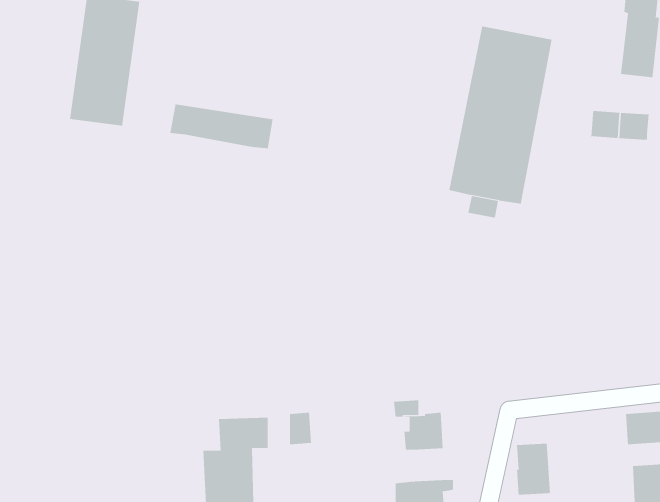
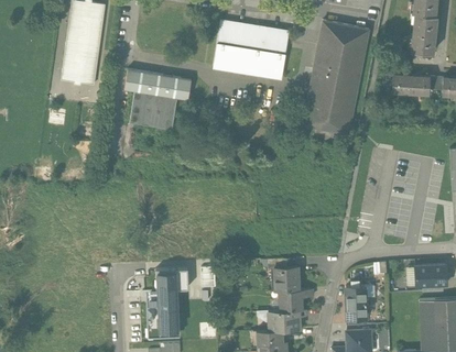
building: none -> [214,23,290,80]
building: none -> [130,91,177,131]
building: none -> [280,290,313,311]

